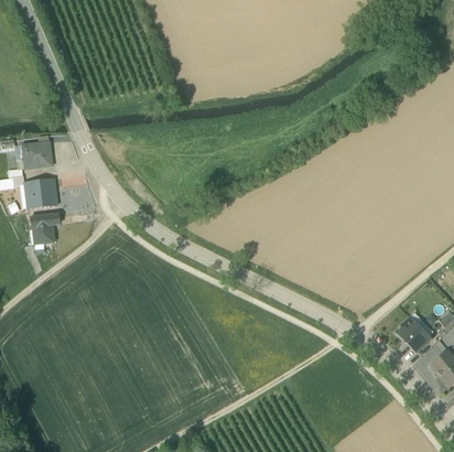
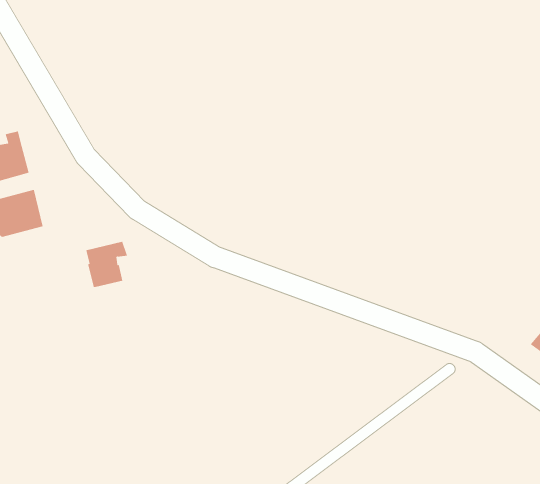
building: [29,214,58,245] -> [86,241,128,288]

